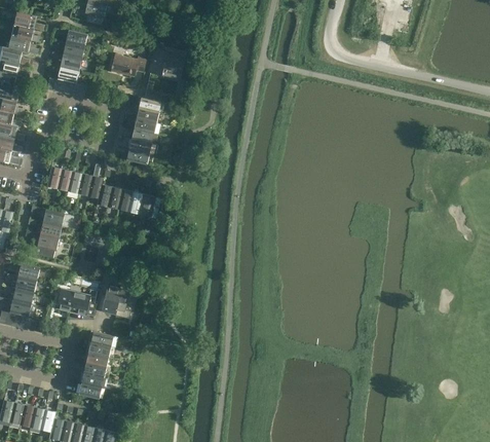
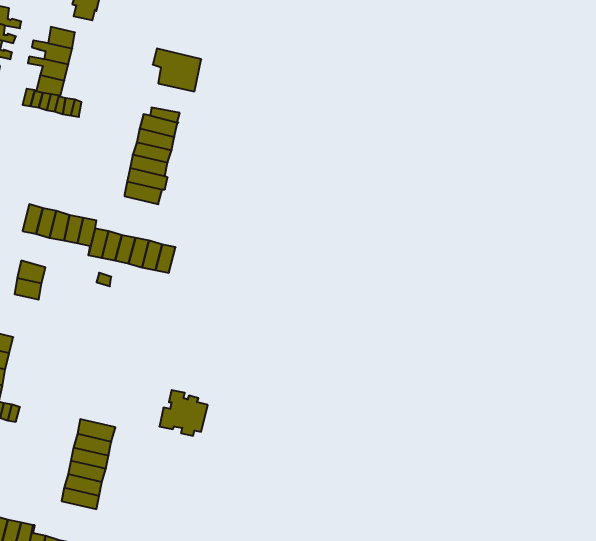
building: [110,54,145,76] -> none
building: [33,234,58,258] -> none
building: [97,282,134,317] -> [159,390,208,436]
building: [54,289,96,317] -> none

